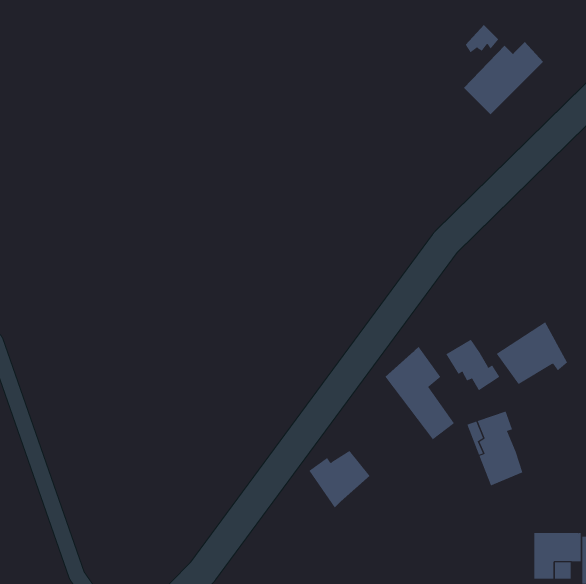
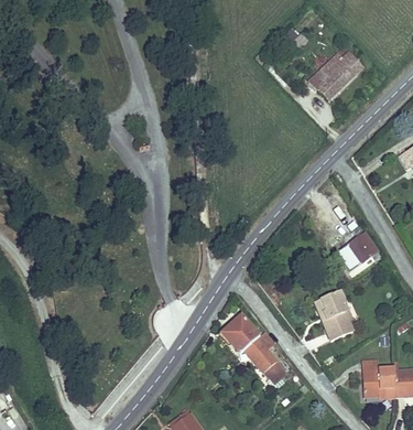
building: [446,339,500,391] -> none
building: [384,346,455,440] -> [237,329,282,389]

